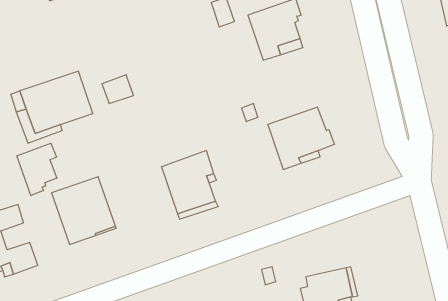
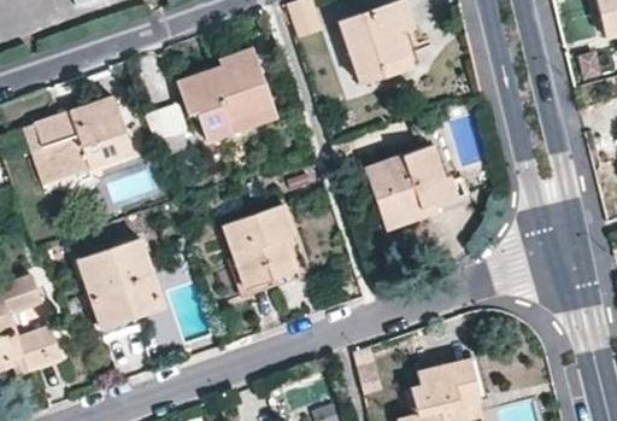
building: none -> [177,48,276,139]
building: [17,143,57,196] -> none

